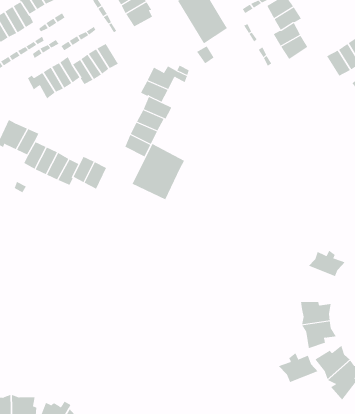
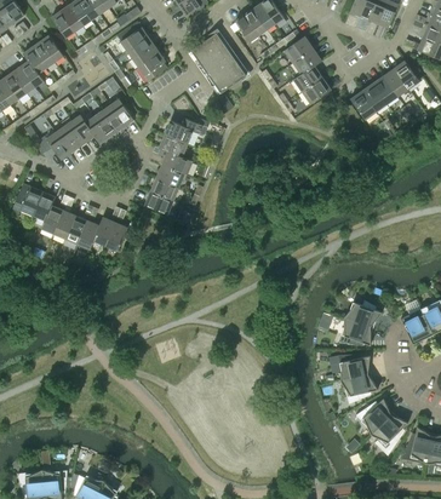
building: [132,143,185,200] -> none
building: none -> [338,317,373,345]
building: [278,352,319,383] -> none

